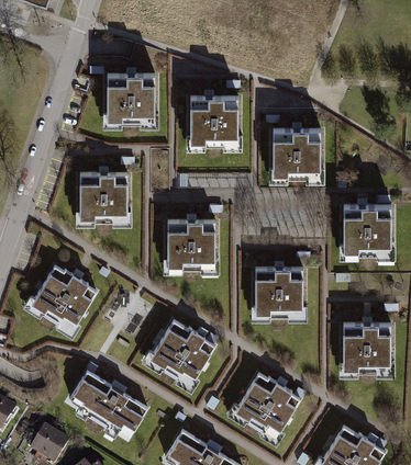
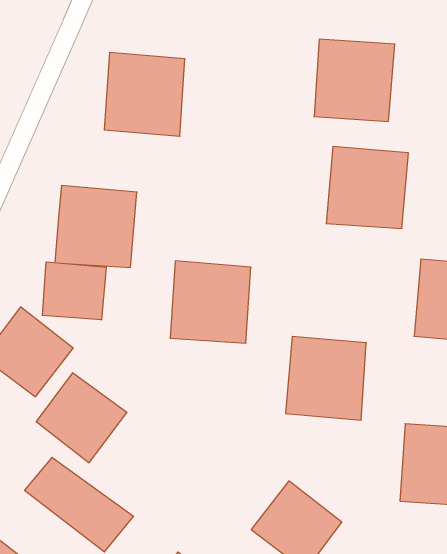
building: [185,97,240,154] -> [314,39,395,121]
building: none -> [42,262,106,320]
building: [147,318,212,382] -> [36,373,127,463]

